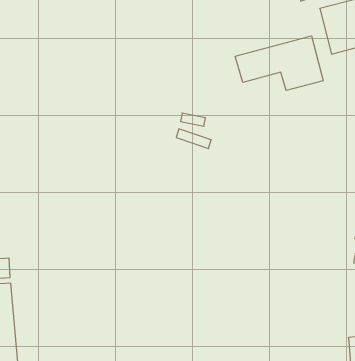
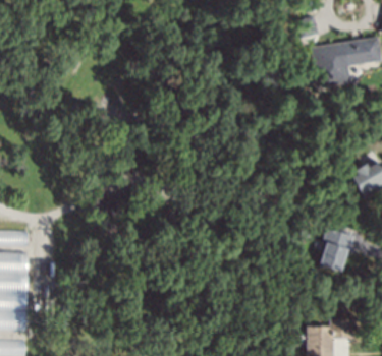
building: [235,36,323,90] -> none

